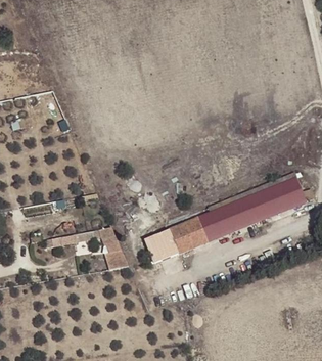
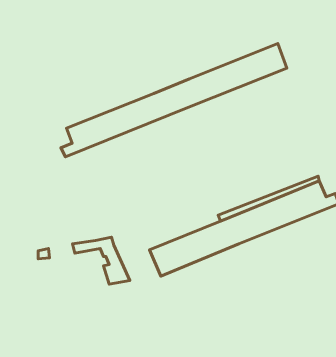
building: none -> [61,43,287,157]

